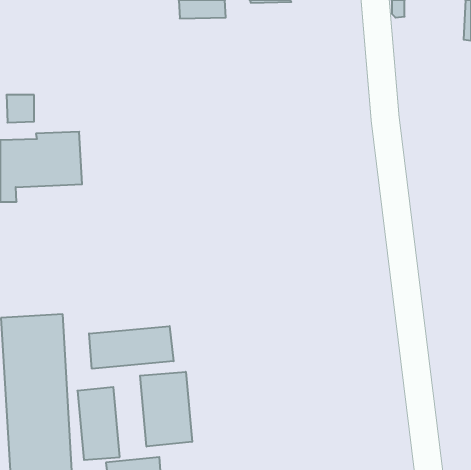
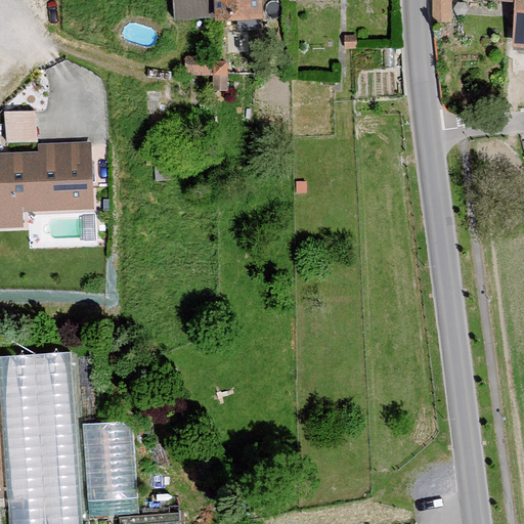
building: [89,326,174,369] -> none
building: [140,372,192,447] -> none

